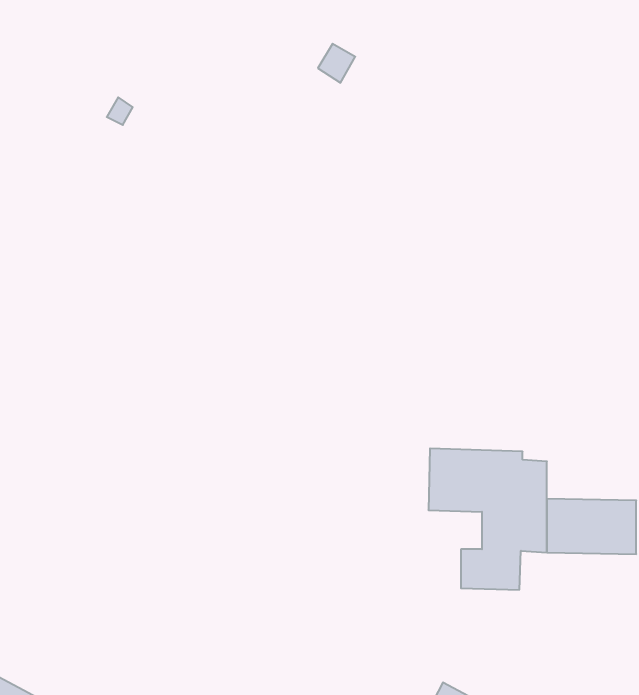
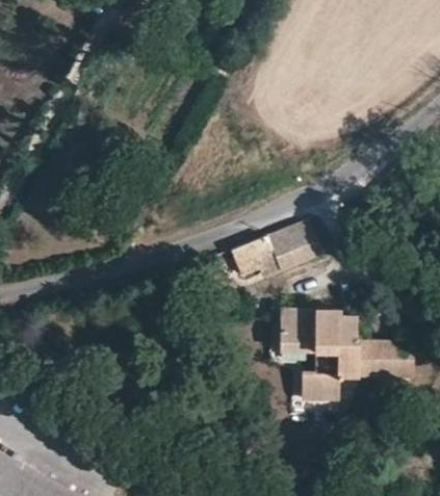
building: none -> [230,223,321,278]

